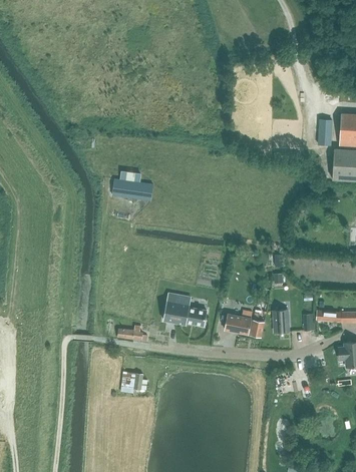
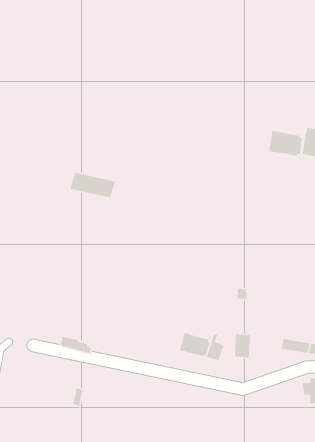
building: none -> [268,130,303,157]
building: [162,301,206,326] -> none

